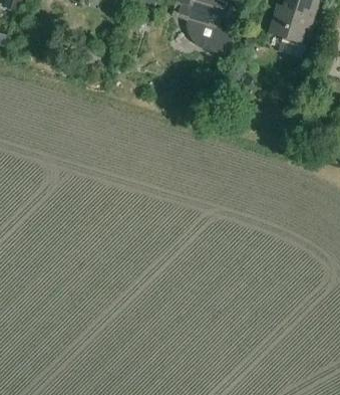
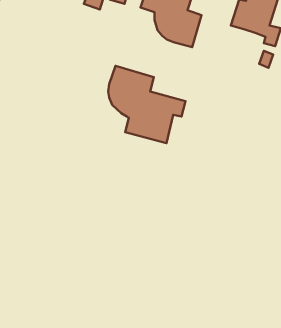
building: none -> [108,66,186,143]

